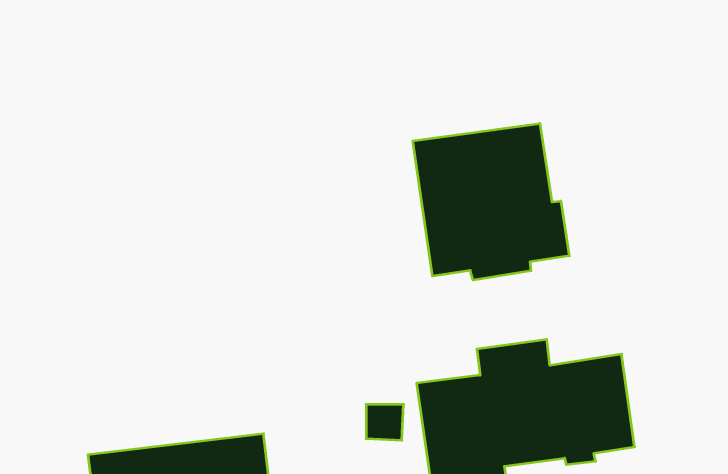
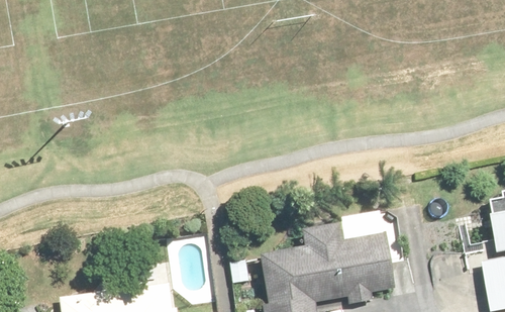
building: [413,123,569,280] -> none

